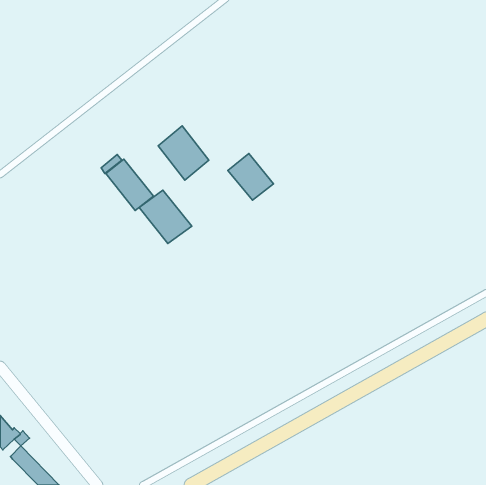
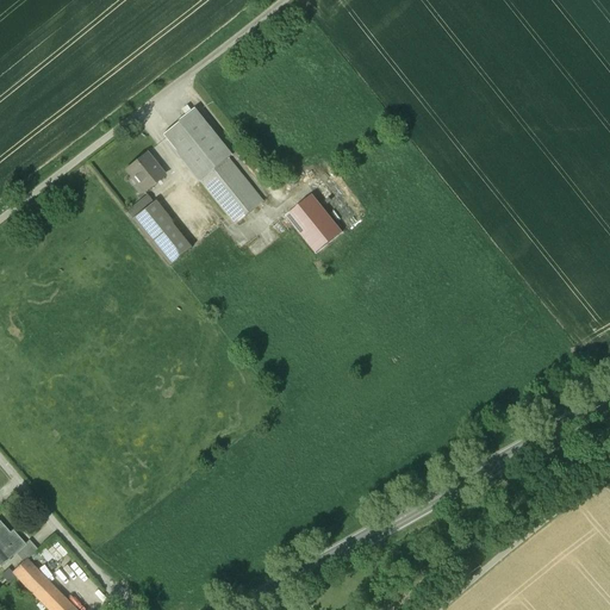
building: none -> [162,105,235,182]
building: none -> [127,152,164,189]
building: [139,190,192,244] -> none

